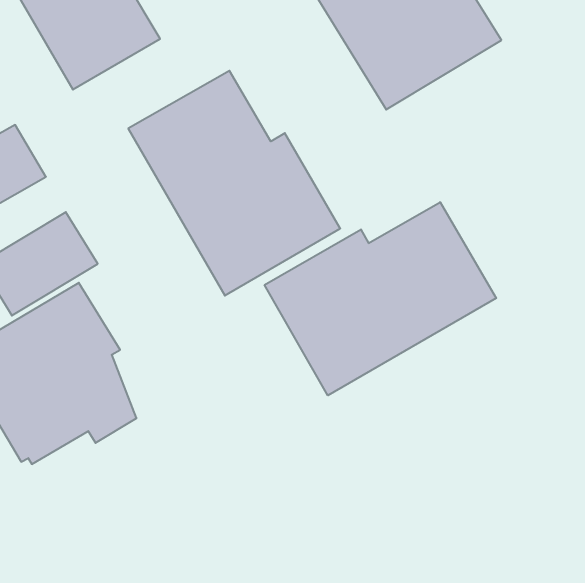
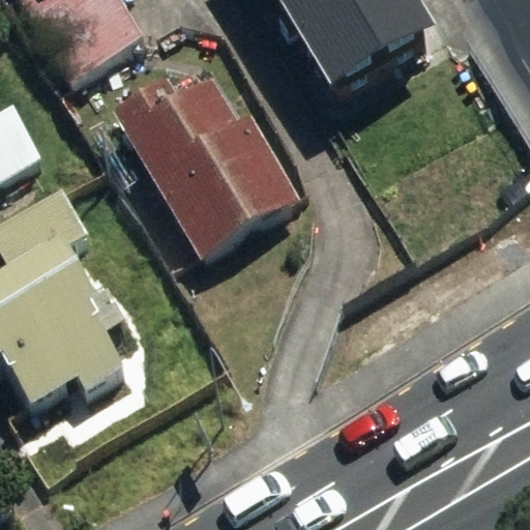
building: [265,202,496,395] -> none

